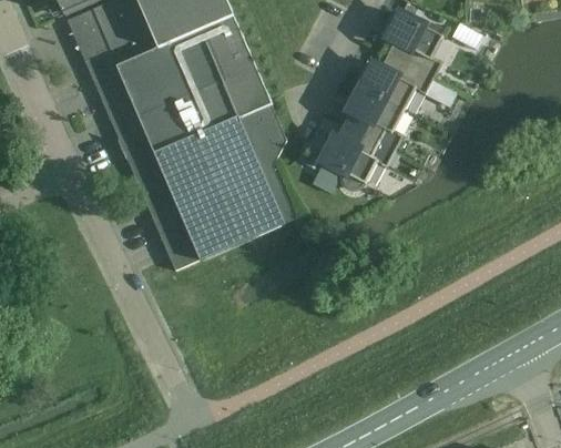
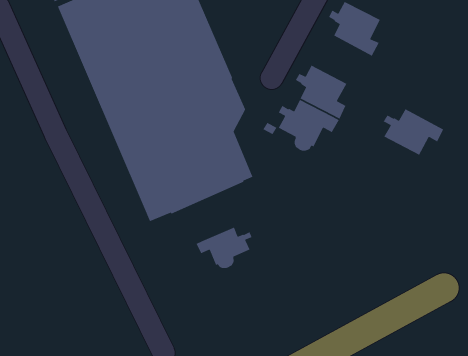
building: [360,51,432,106] -> [382,108,444,156]
building: none -> [195,226,253,269]

